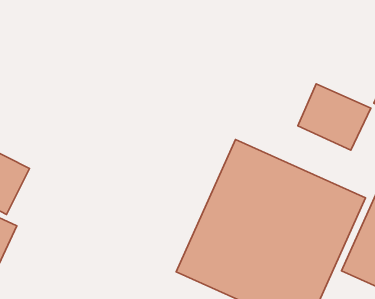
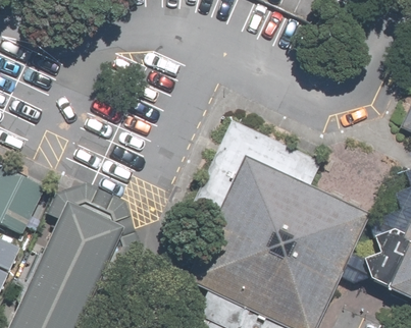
building: [298,84,371,150] -> none

